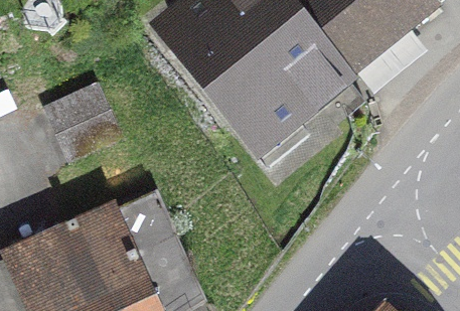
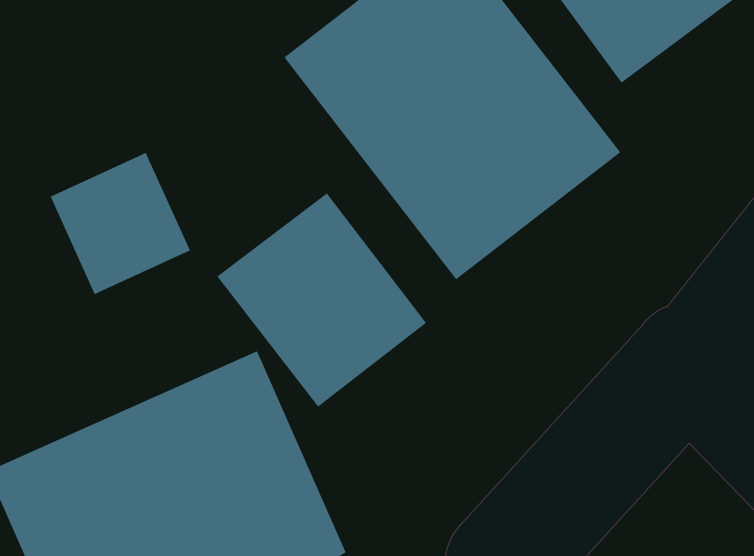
building: none -> [216,193,427,408]

